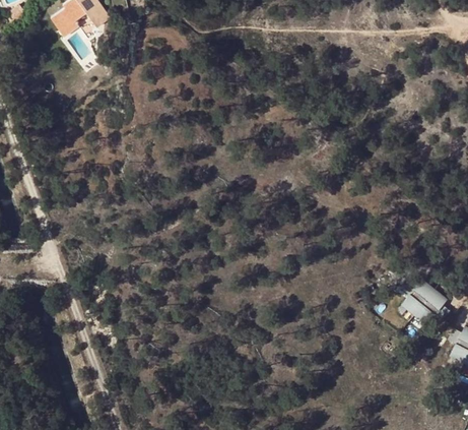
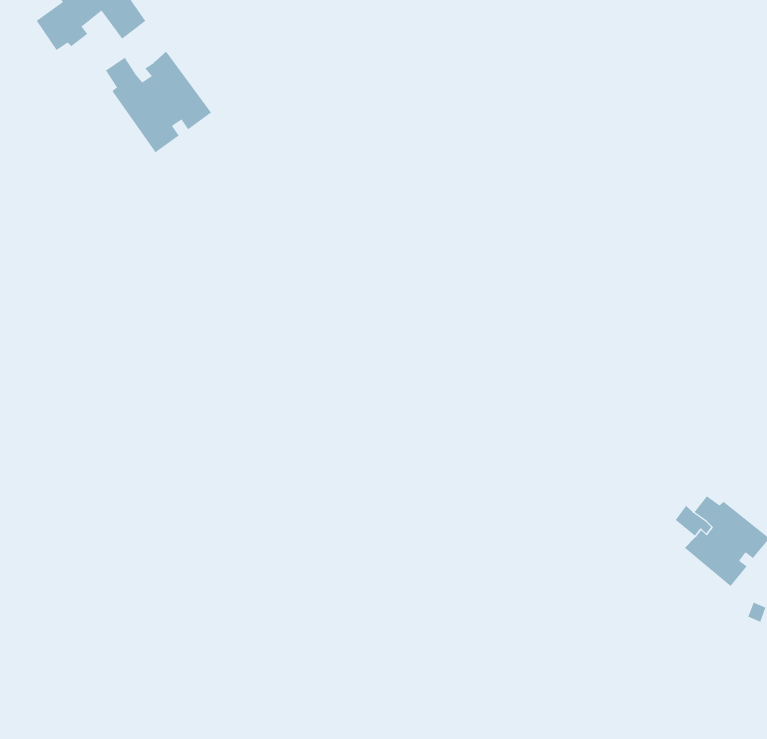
building: none -> [105,51,212,153]

